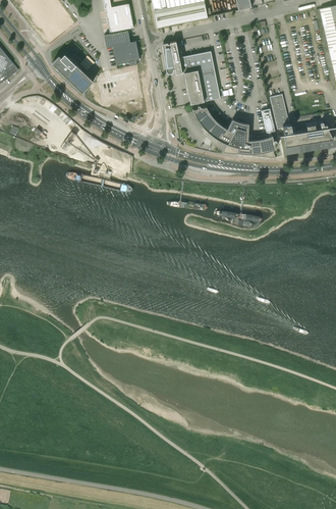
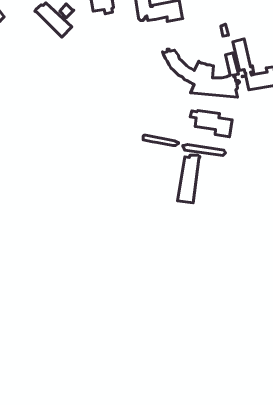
building: [184,70,220,104] -> none
building: none -> [190,110,232,137]
building: none -> [178,155,200,203]

